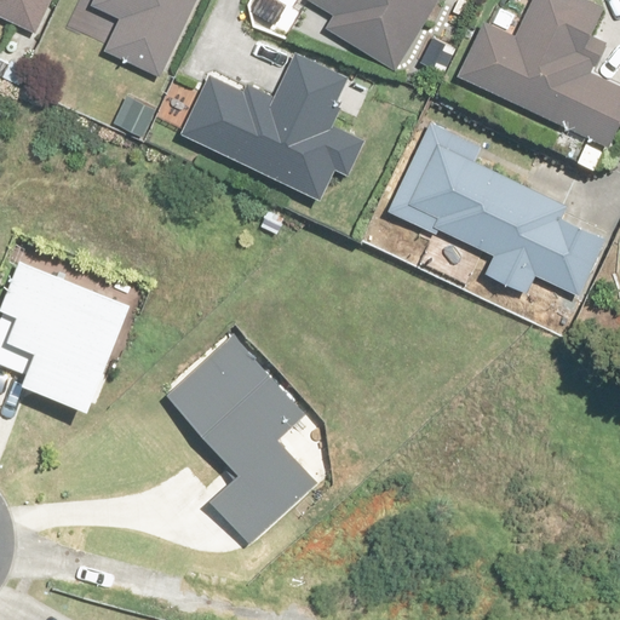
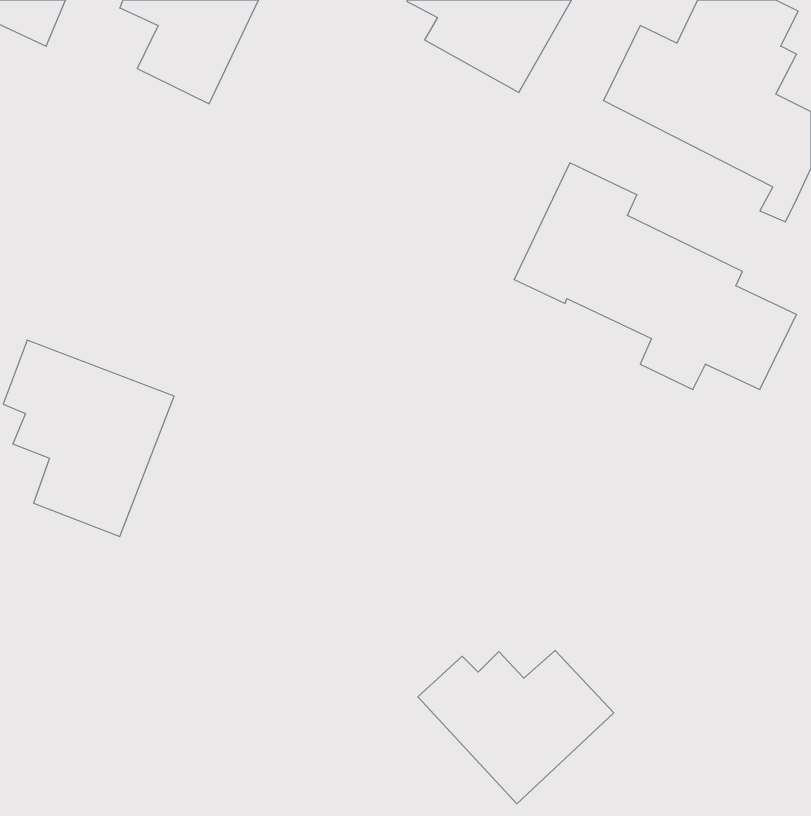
building: [180,52,363,200] -> none
building: [163,329,315,544] -> none
building: none -> [418,650,614,804]

